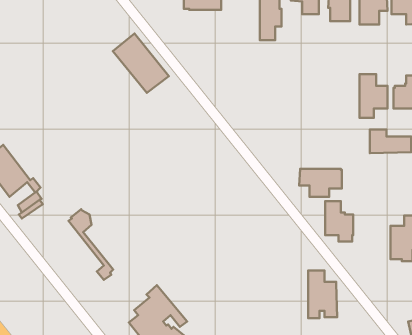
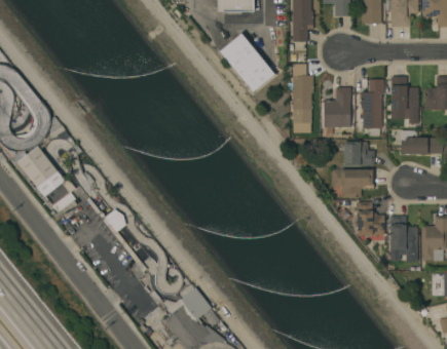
building: [113,34,169,93] -> [220,34,275,92]
building: none -> [288,64,313,122]
building: none -> [361,79,383,135]
building: none -> [323,87,350,127]
building: none -> [343,142,374,166]
building: [308,270,337,318] -> [389,216,418,263]

